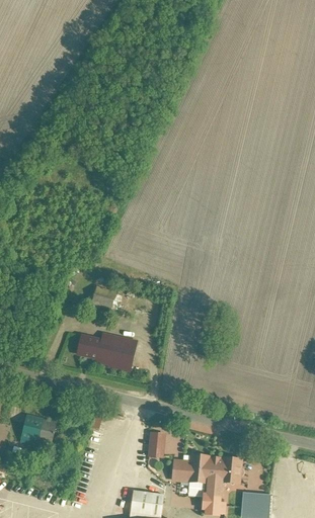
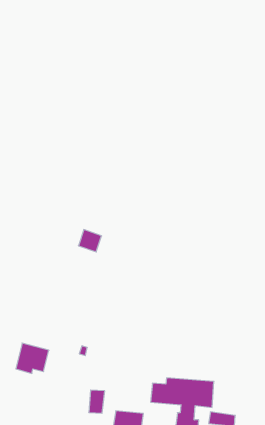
building: [77,332,138,372] -> none
building: [148,432,166,458] -> [89,390,105,413]

